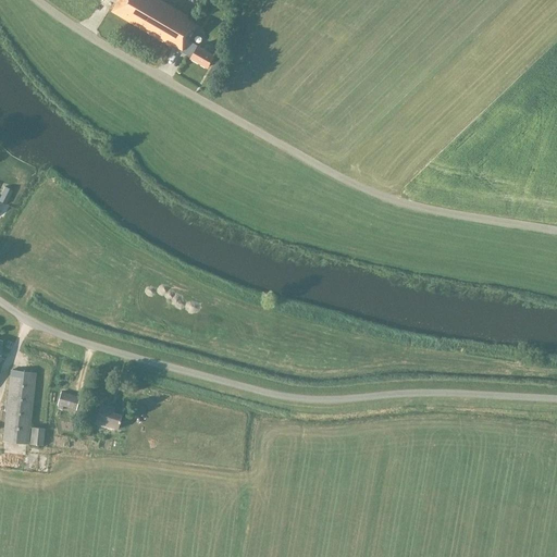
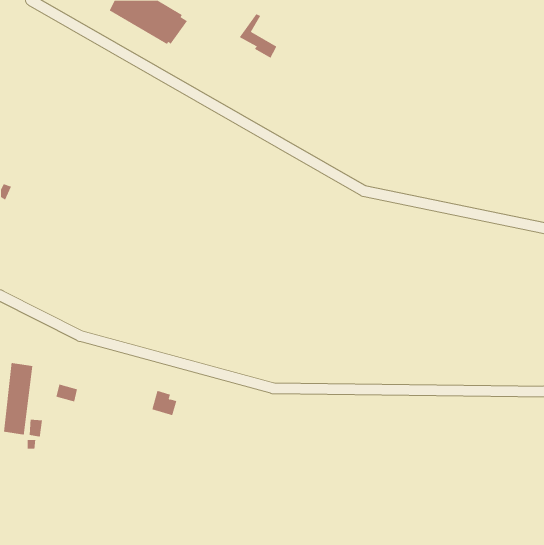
building: [175,22,214,67] -> [239,14,277,58]
building: [96,404,122,430] -> [151,390,177,416]

